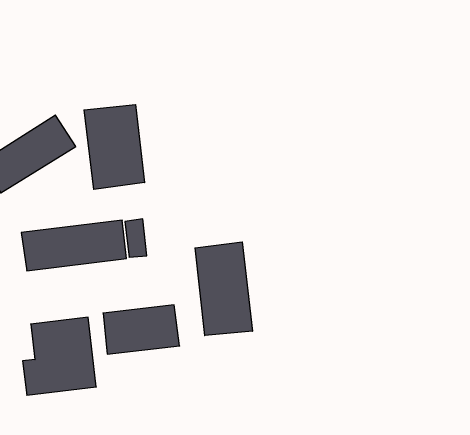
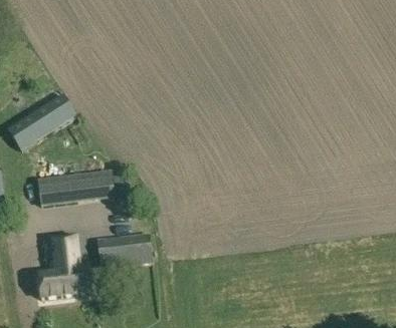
building: [84,105,145,189] -> none
building: [195,242,252,336] -> none

